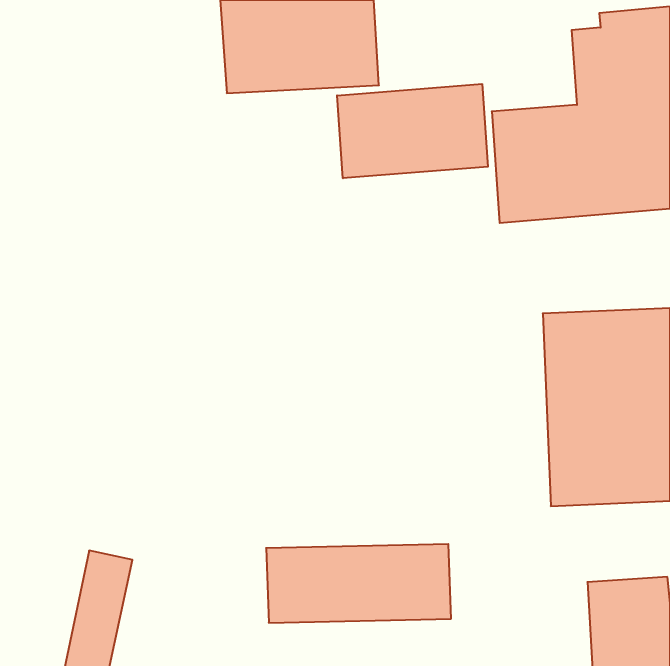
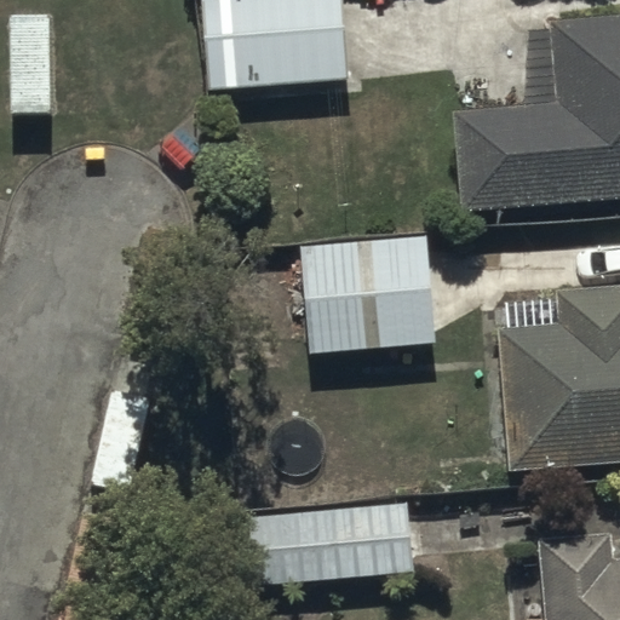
building: [337,84,488,178] -> none
building: none -> [300,237,441,354]

